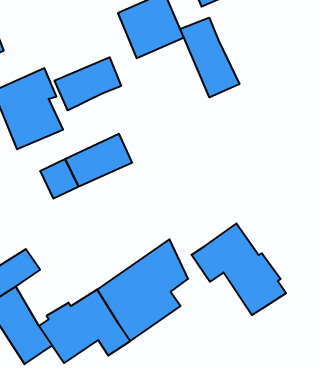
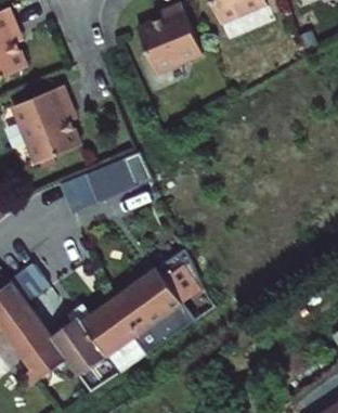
building: [180,18,239,97] -> none
building: [55,57,121,110] -> none
building: [191,223,286,315] -> none

